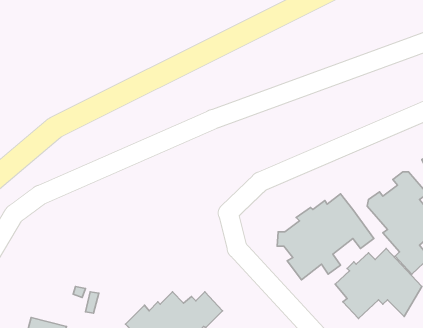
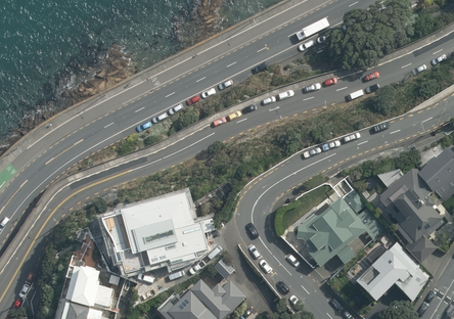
building: none -> [101,193,214,275]
building: none -> [65,260,112,307]

